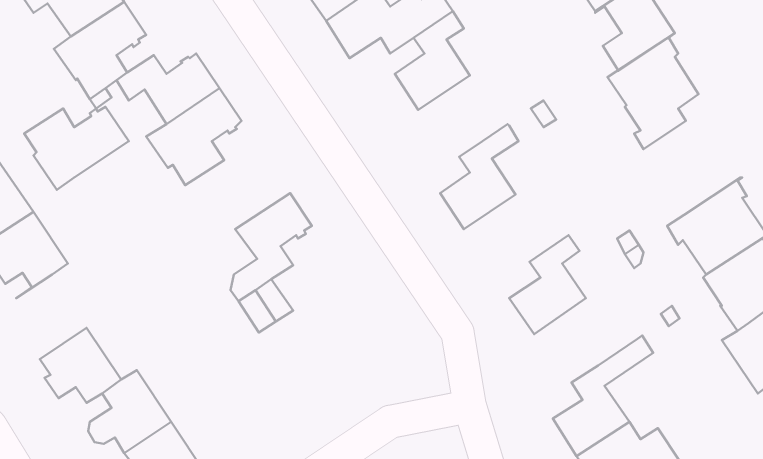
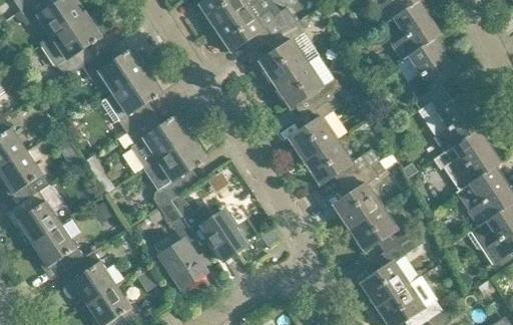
building: none -> [275,62,341,107]
building: [24,107,129,190] -> [125,115,192,169]
building: none -> [417,91,481,151]
building: none -> [304,138,379,185]
building: none -> [13,190,62,244]
building: none -> [349,205,415,251]
building: none -> [200,213,248,261]
building: none -> [160,238,207,288]

